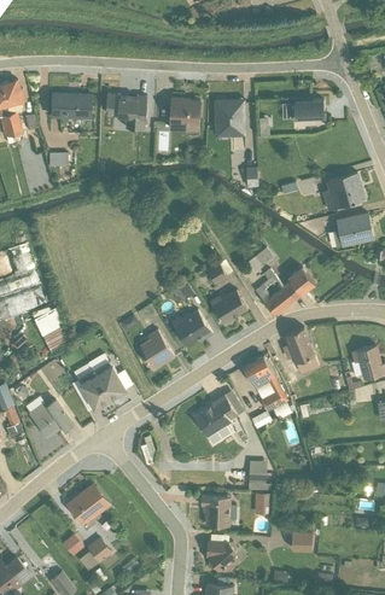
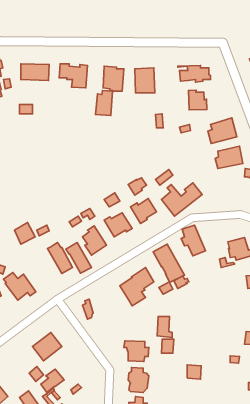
building: none -> [188,90,207,110]
building: none -> [96,91,112,115]
building: [72,362,110,407] -> [66,242,91,273]

